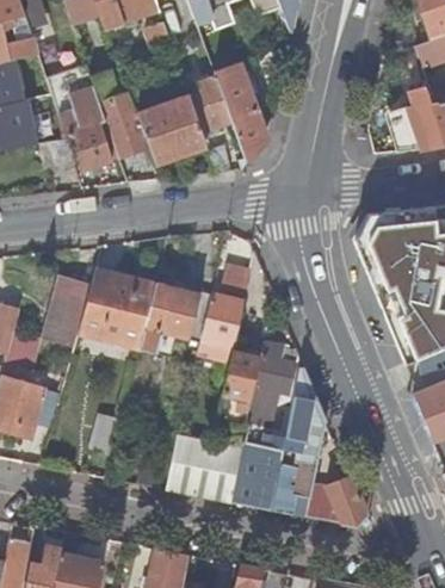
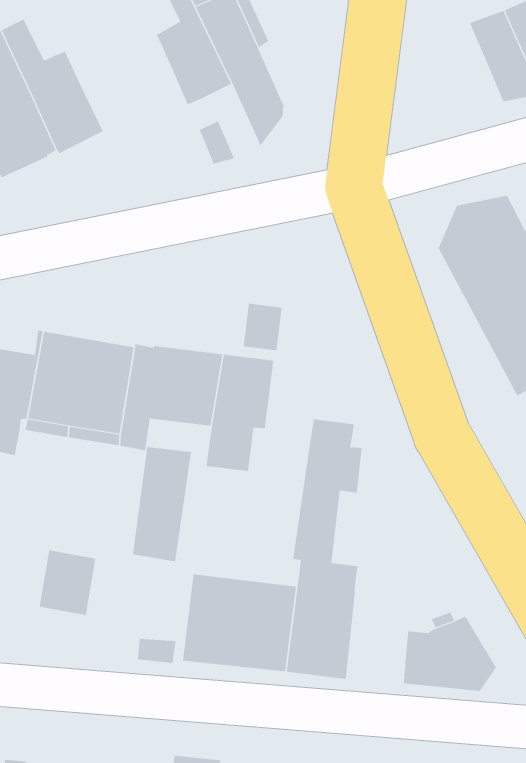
building: [136,95,208,165] -> none
building: [271,346,329,516] -> none
building: [217,351,261,426] -> [132,447,192,562]

